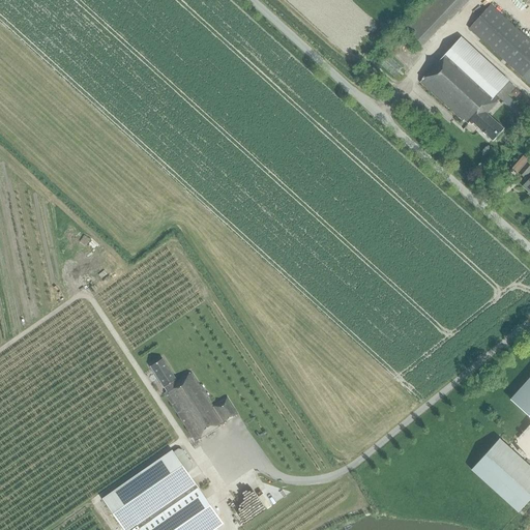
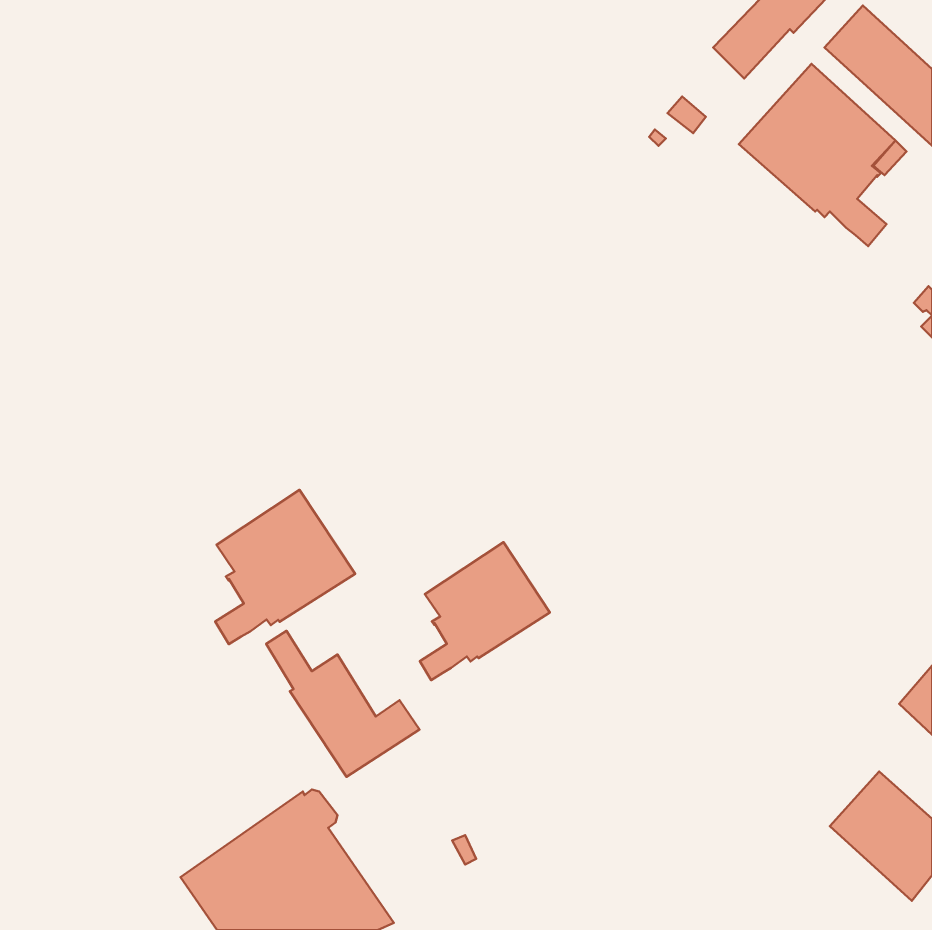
building: none -> [215,490,355,644]
building: none -> [420,542,550,680]

